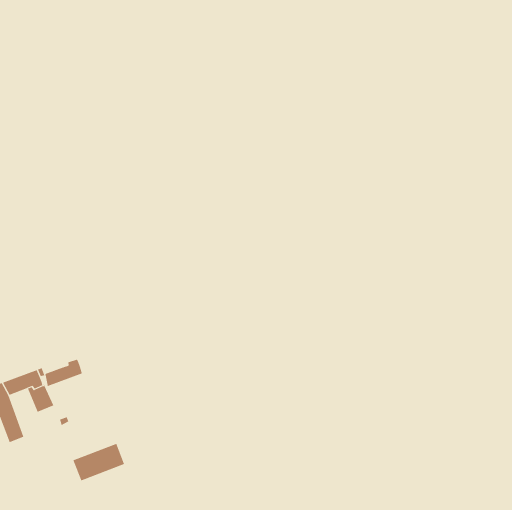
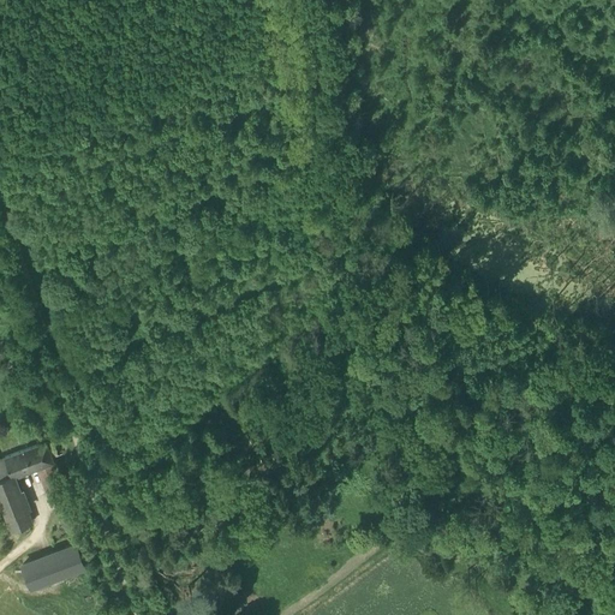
building: [45,359,83,387] -> none
building: [73,443,125,481] -> [22,545,84,591]

